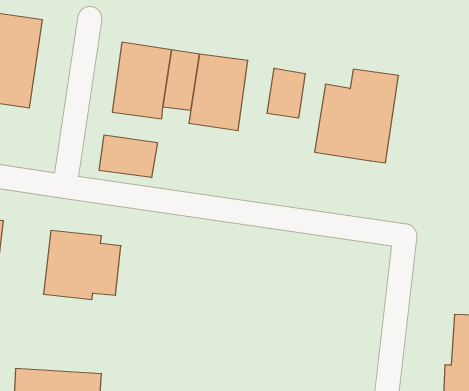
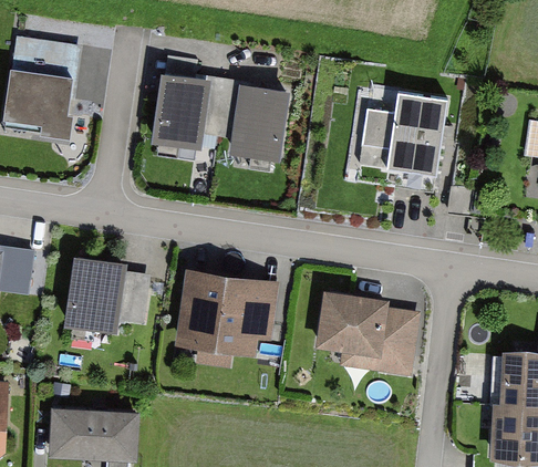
building: [267,68,305,118] -> none
building: [99,135,157,178] -> none
building: none -> [186,272,286,367]
building: none -> [314,291,420,376]

